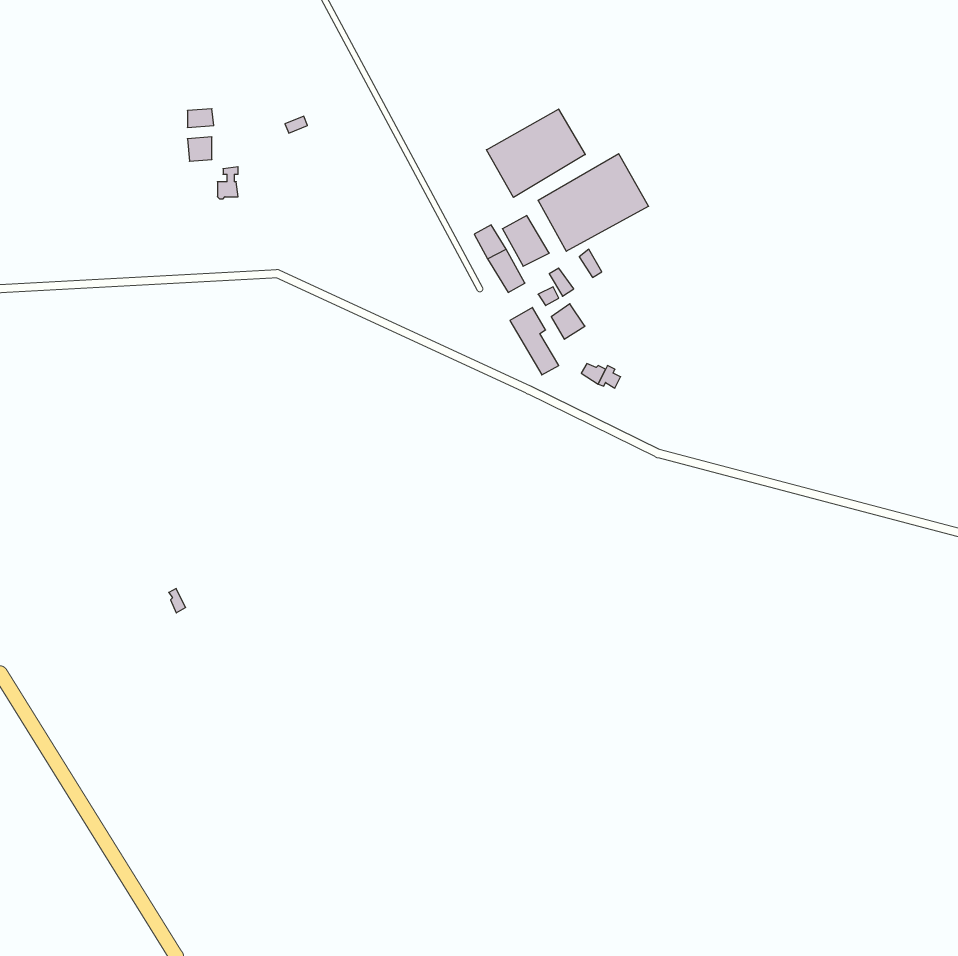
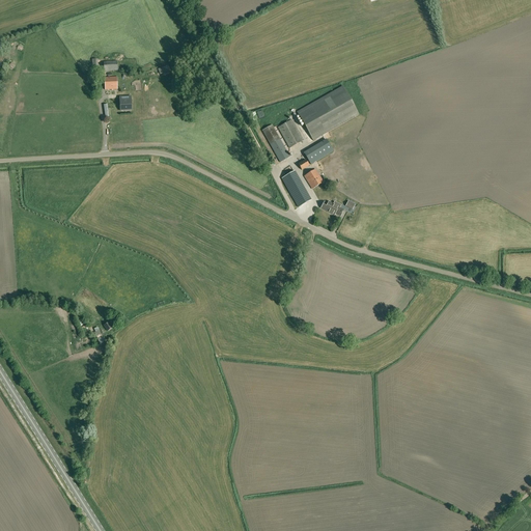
building: [486,109,585,197] -> none

